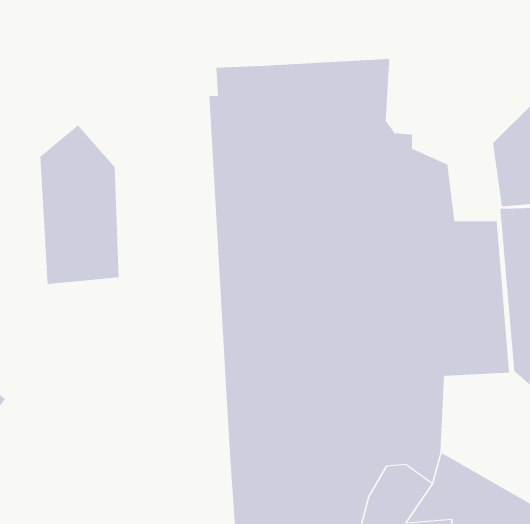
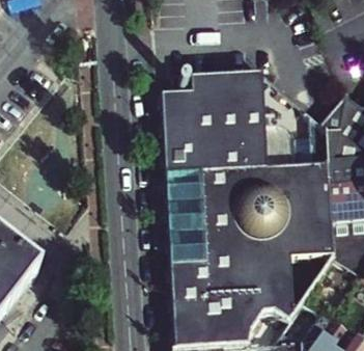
building: [40,125,119,285] -> none

